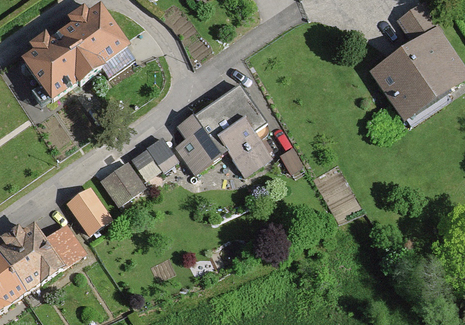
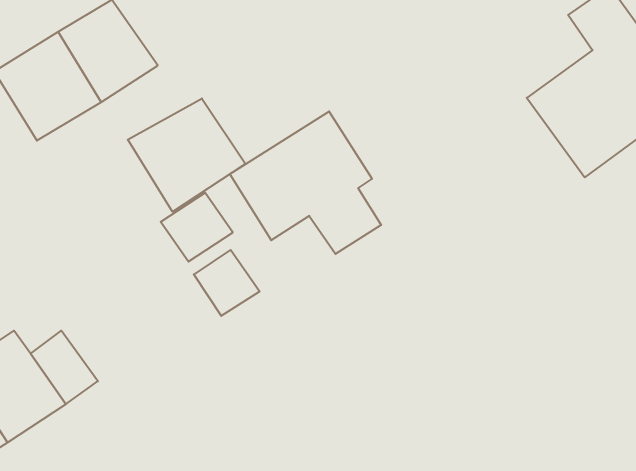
building: none -> [128,98,245,212]
building: [100,157,143,200] -> [194,250,260,316]
building: [65,187,112,236] -> none

